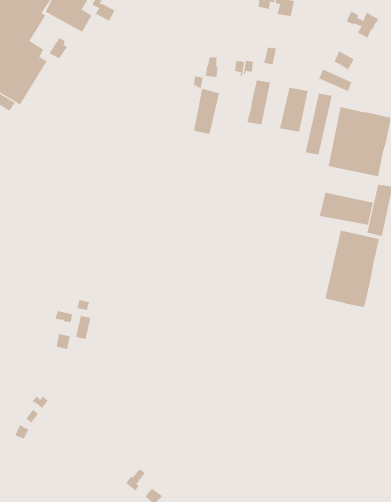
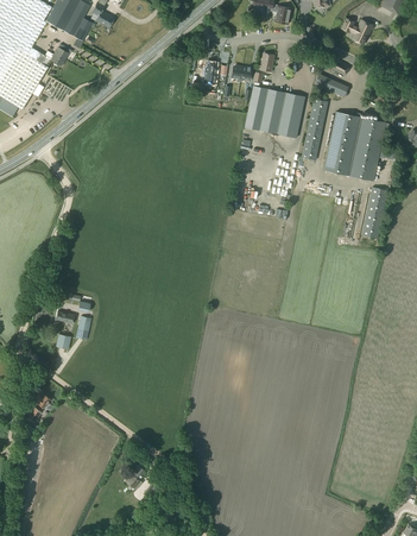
building: [193,88,220,134] -> [259,87,285,132]
building: [319,192,374,225] -> none
building: [325,230,380,308] -> none

